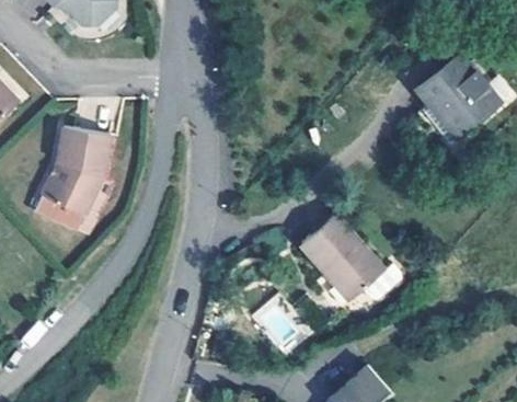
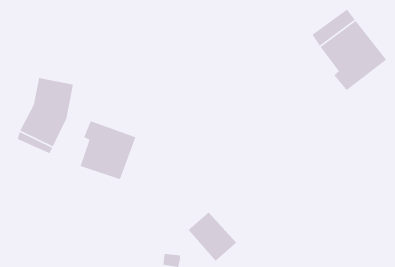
building: none -> [80,120,137,180]
building: [303,217,403,305] -> none

